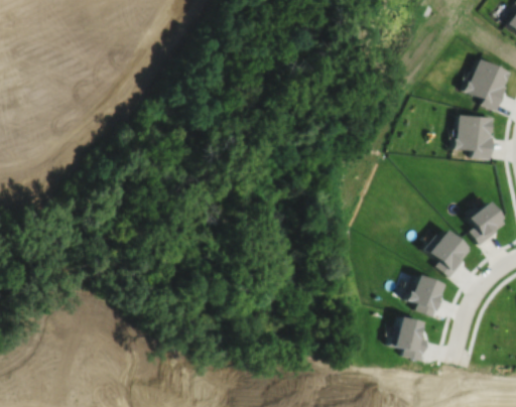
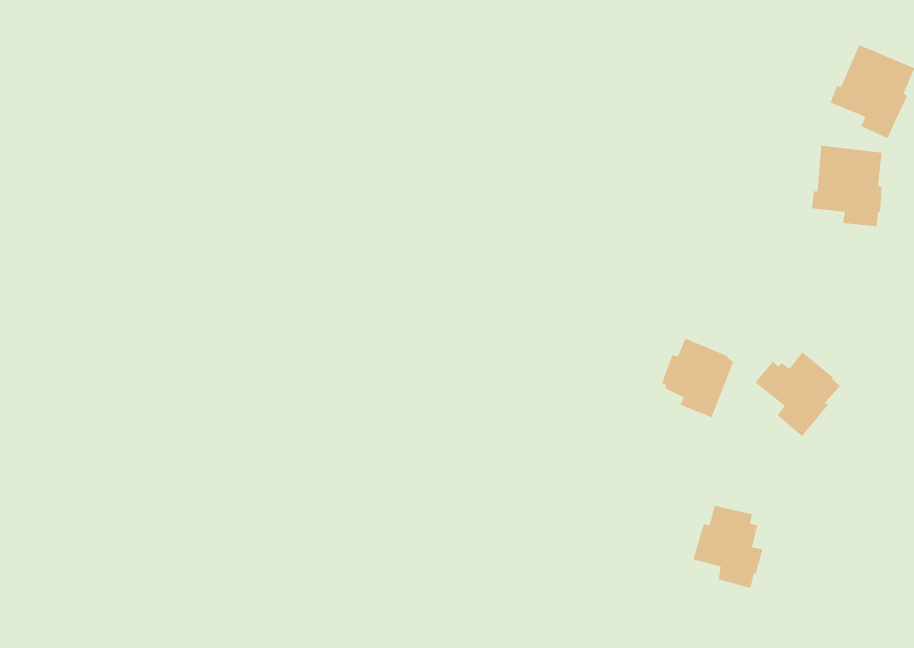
building: [467,204,505,244] -> none
building: [404,270,444,314] -> [661,338,734,418]

